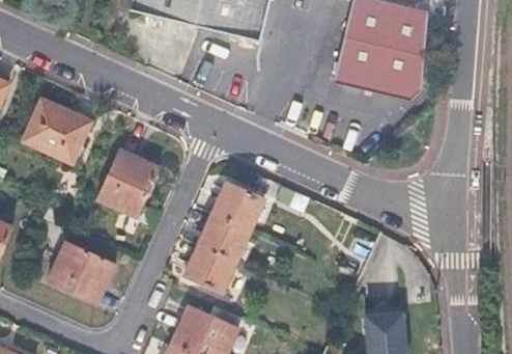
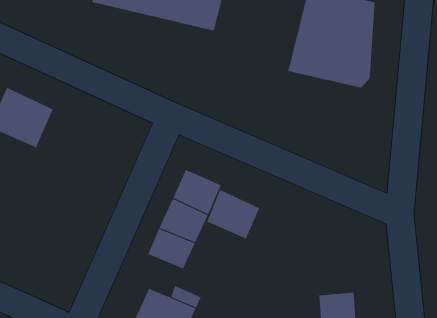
building: [99,143,161,212] -> none
building: none -> [207,189,260,239]
building: [49,247,115,307] -> none

